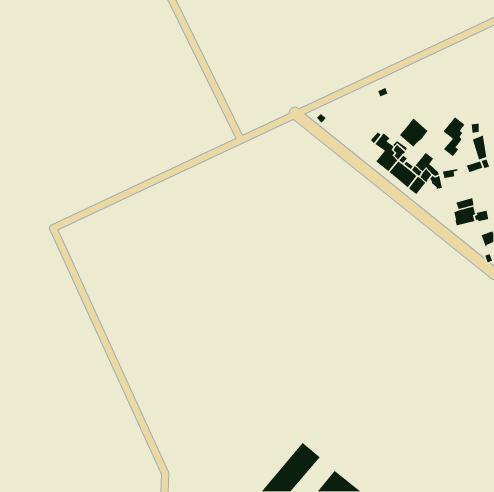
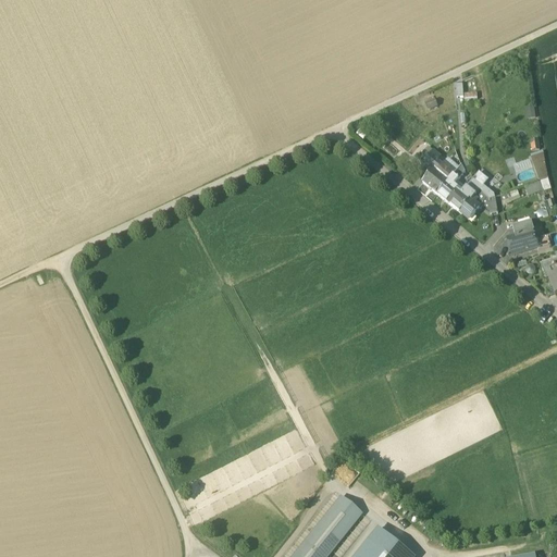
building: [442,116,465,157] -> none
building: [399,118,429,148] -> none

